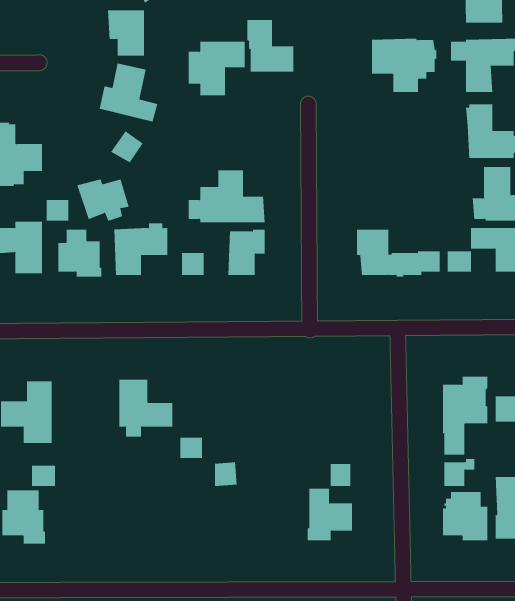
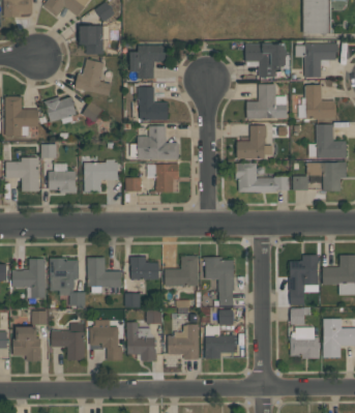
building: [246,20,294,72] -> [138,87,168,120]
building: none -> [246,84,287,119]
building: none -> [237,126,272,158]
building: [77,179,129,222] -> [43,97,77,124]
building: none -> [165,256,199,287]
building: none -> [130,257,159,279]
building: none -> [203,257,235,306]
building: none -> [50,258,85,308]
building: none -> [90,320,122,361]
building: none -> [52,323,85,360]
building: none -> [127,323,156,360]
building: none -> [168,325,199,360]

